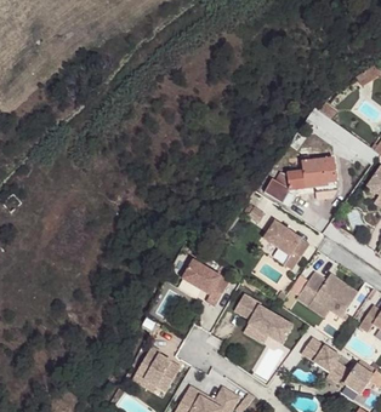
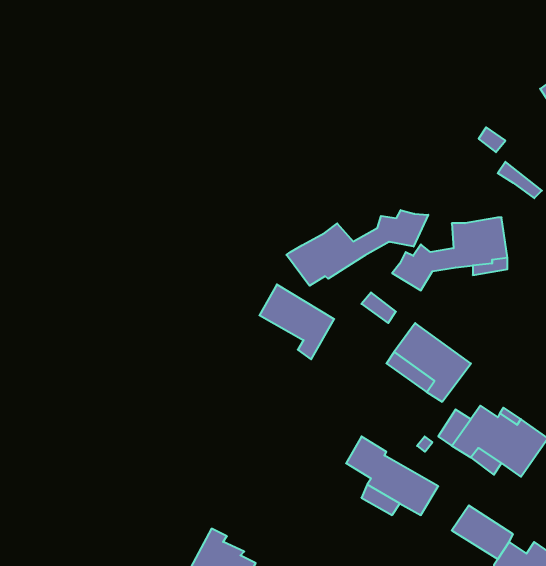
building: none -> [286,210,428,286]
building: [182,261,229,308] -> [259,284,334,359]

